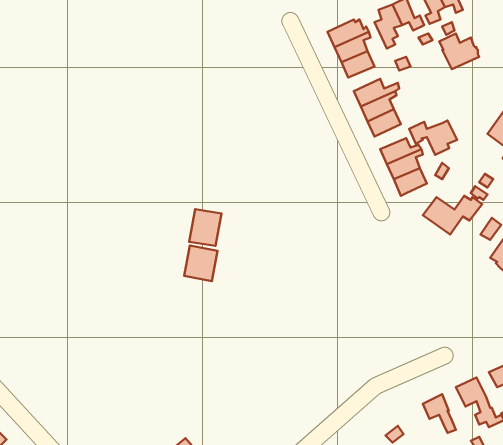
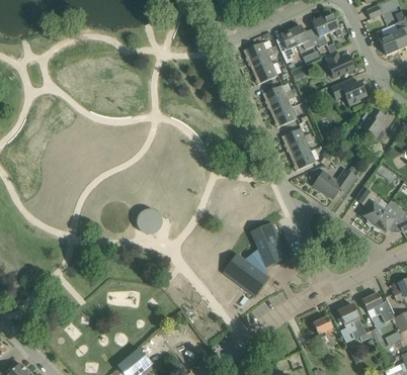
building: [409,120,457,155] -> [331,81,367,106]
building: [189,209,221,246] -> none
building: none -> [223,221,288,296]

